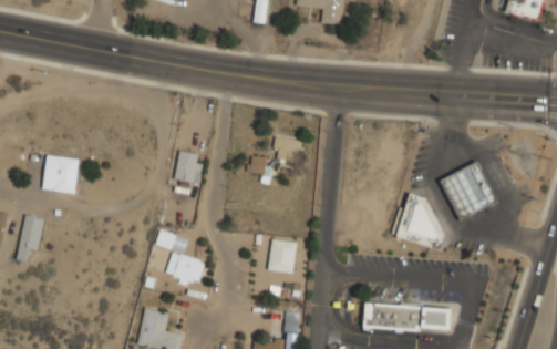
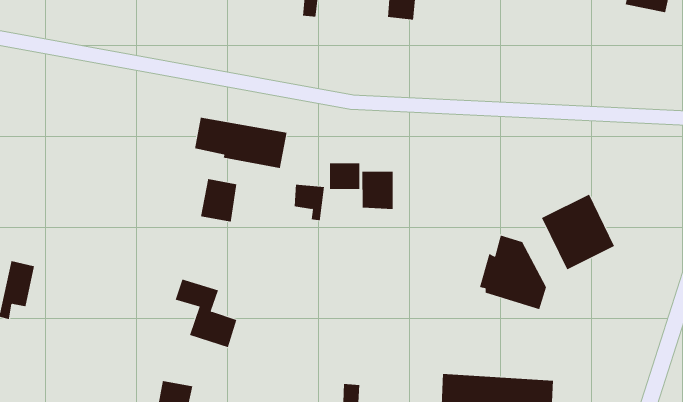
building: none -> [194,117,287,169]
building: none -> [362,171,393,210]
building: [42,154,79,194] -> none
building: [268,238,297,273] -> none

